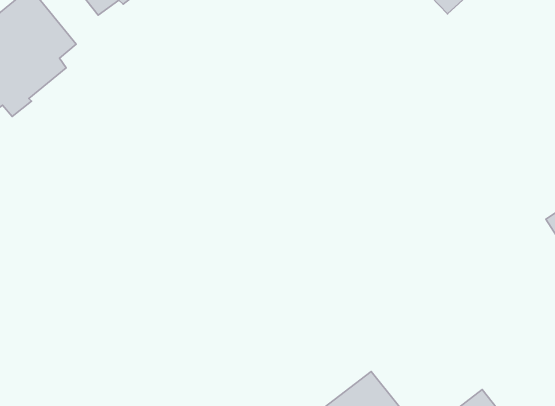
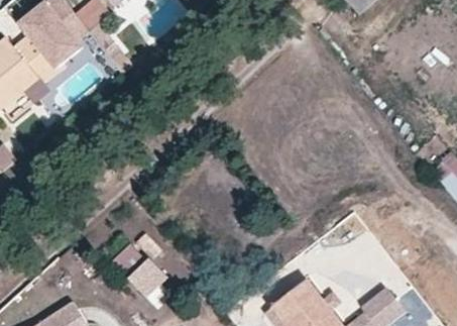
building: none -> [112,240,165,292]

